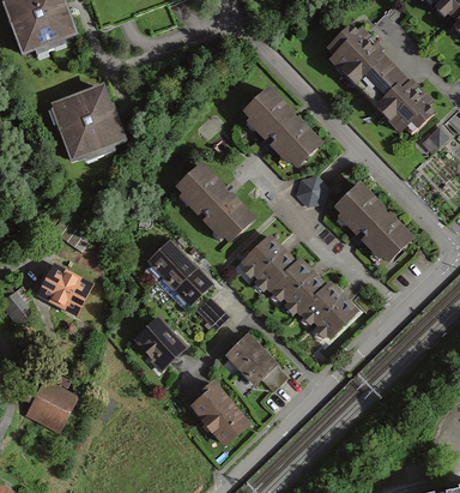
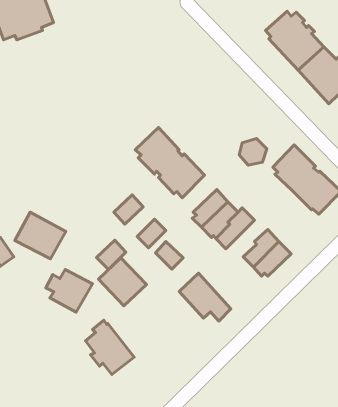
building: [46,83,125,163] -> none
building: [243,88,323,168] -> none
building: [162,254,196,289] -> [96,240,126,270]
building: [280,270,327,315] -> none
building: [22,379,77,429] -> [46,269,93,312]
building: [192,380,249,444] -> [85,320,134,374]

